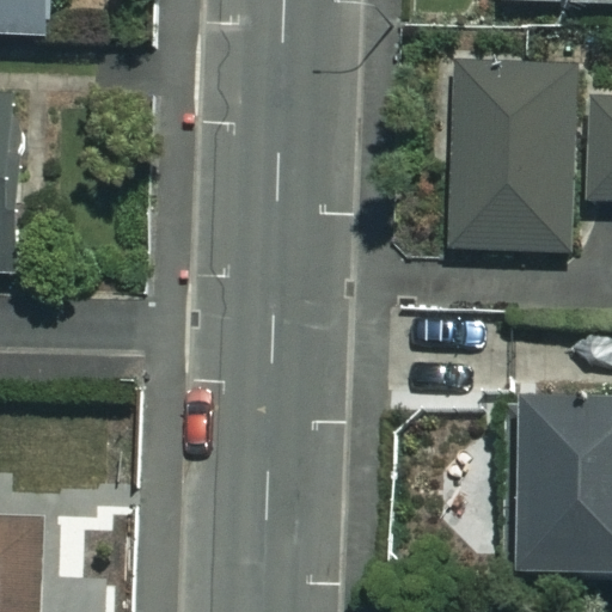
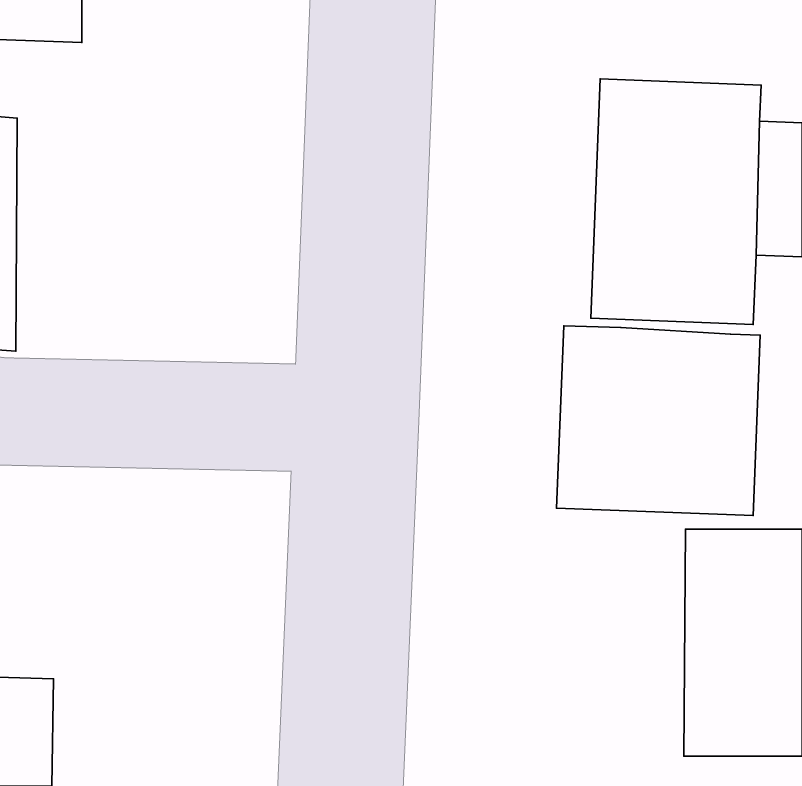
building: none -> [557,326,760,516]

